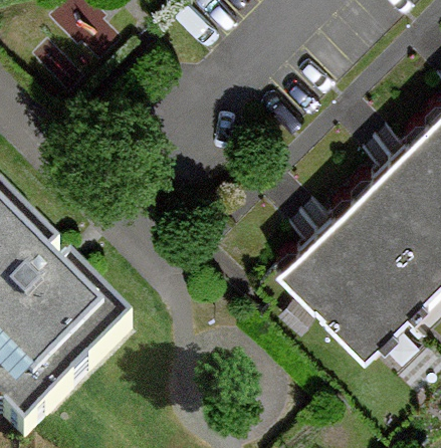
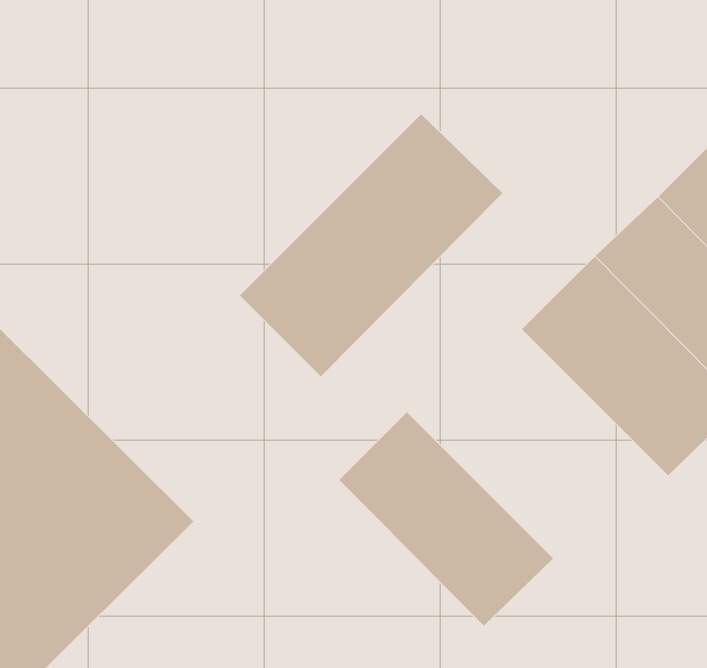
building: none -> [239,113,503,377]
building: [284,227,408,351] -> [339,412,554,627]

